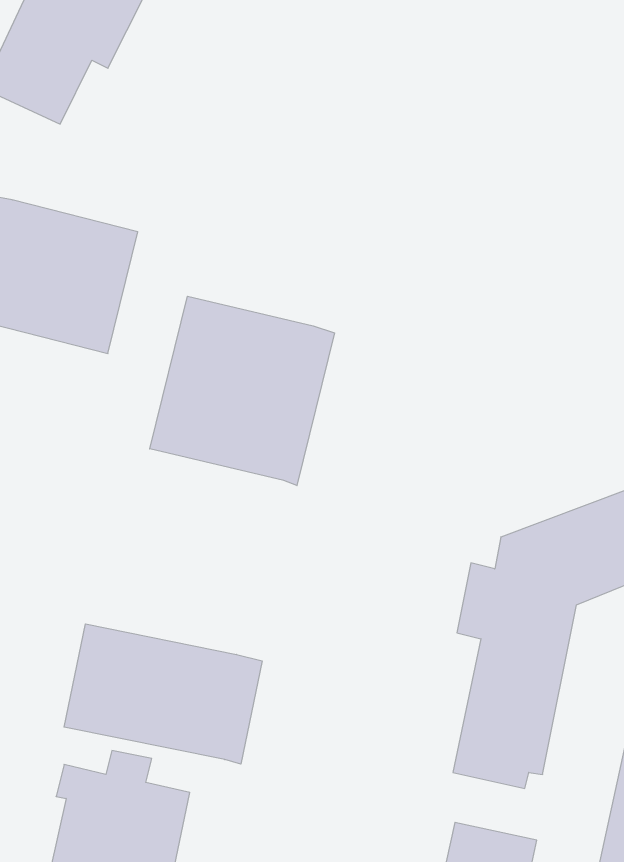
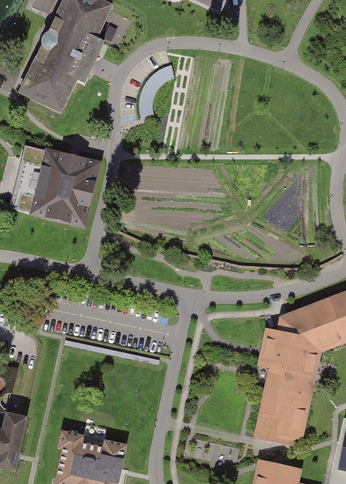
building: none -> [139,63,174,119]
building: [150,296,334,486] -> none
building: [64,624,262,764] -> none

